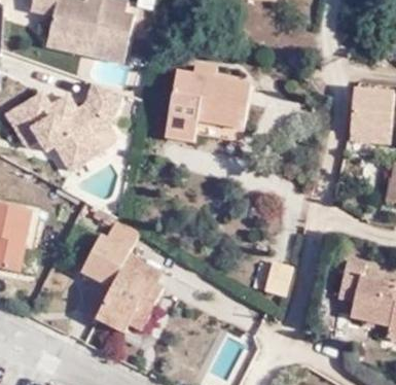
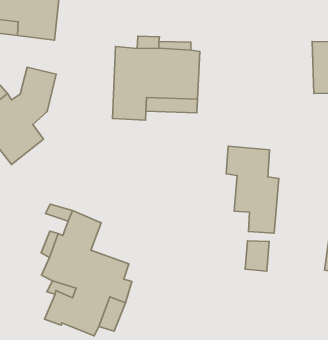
building: none -> [226,146,279,233]

